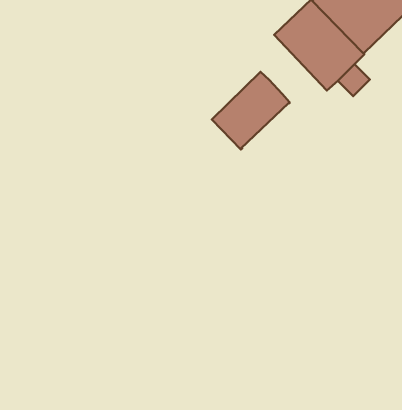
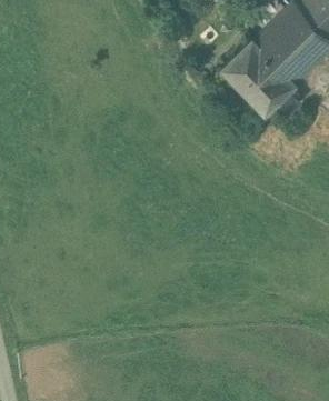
building: [212,72,290,150] -> none

